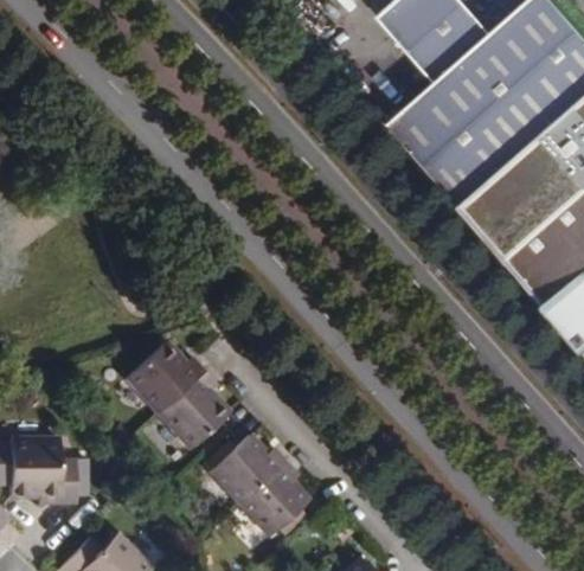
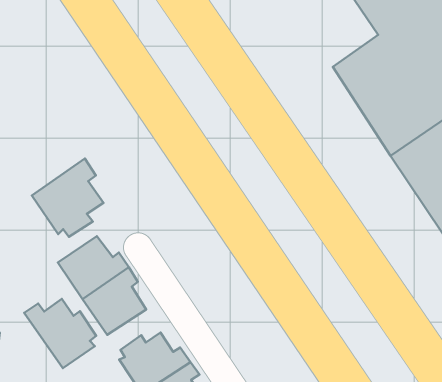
building: none -> [32,159,103,237]
building: none -> [24,299,96,368]

